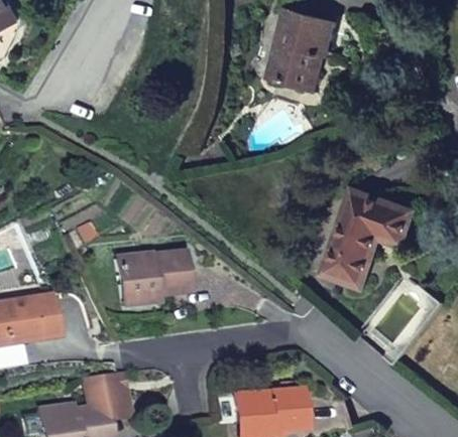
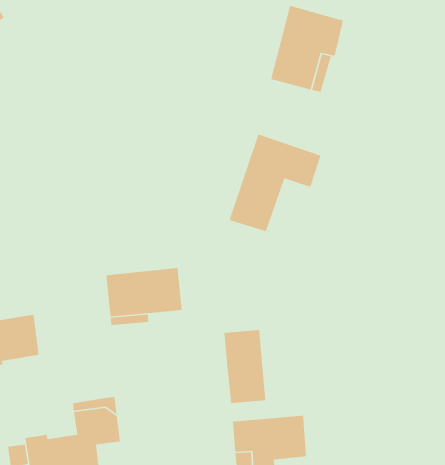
building: [328,190,415,282] -> [228,134,322,232]
building: none -> [223,329,266,404]

